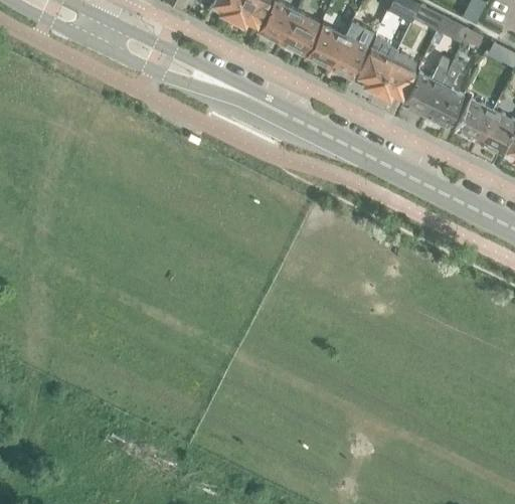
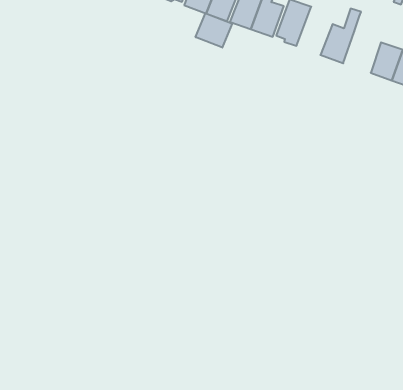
building: none -> [196,13,232,48]
building: [378,52,420,101] -> none
building: [427,66,466,128] -> none

